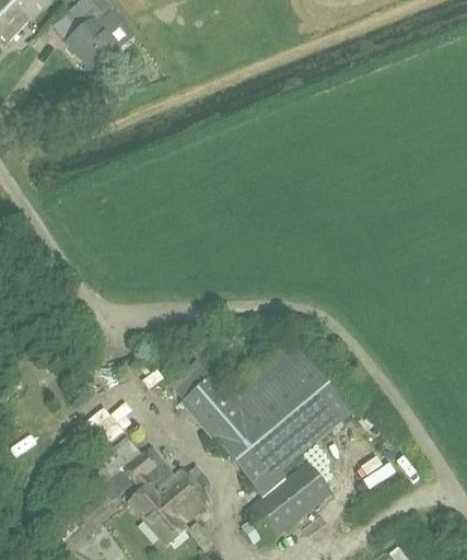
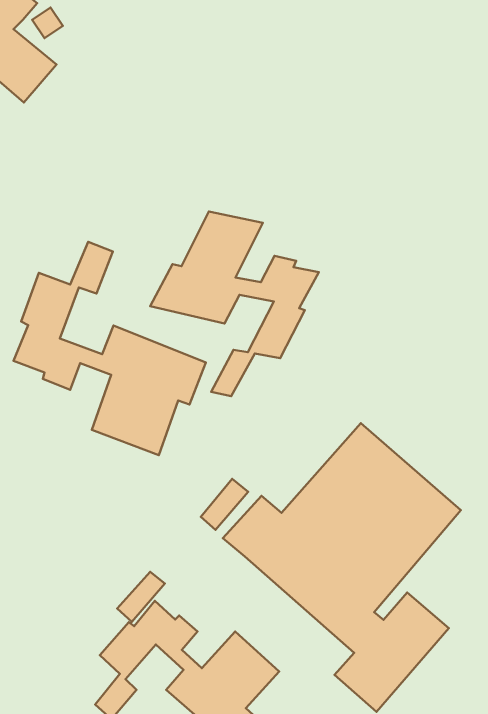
building: none -> [150,212,319,396]
building: none -> [13,242,206,455]

